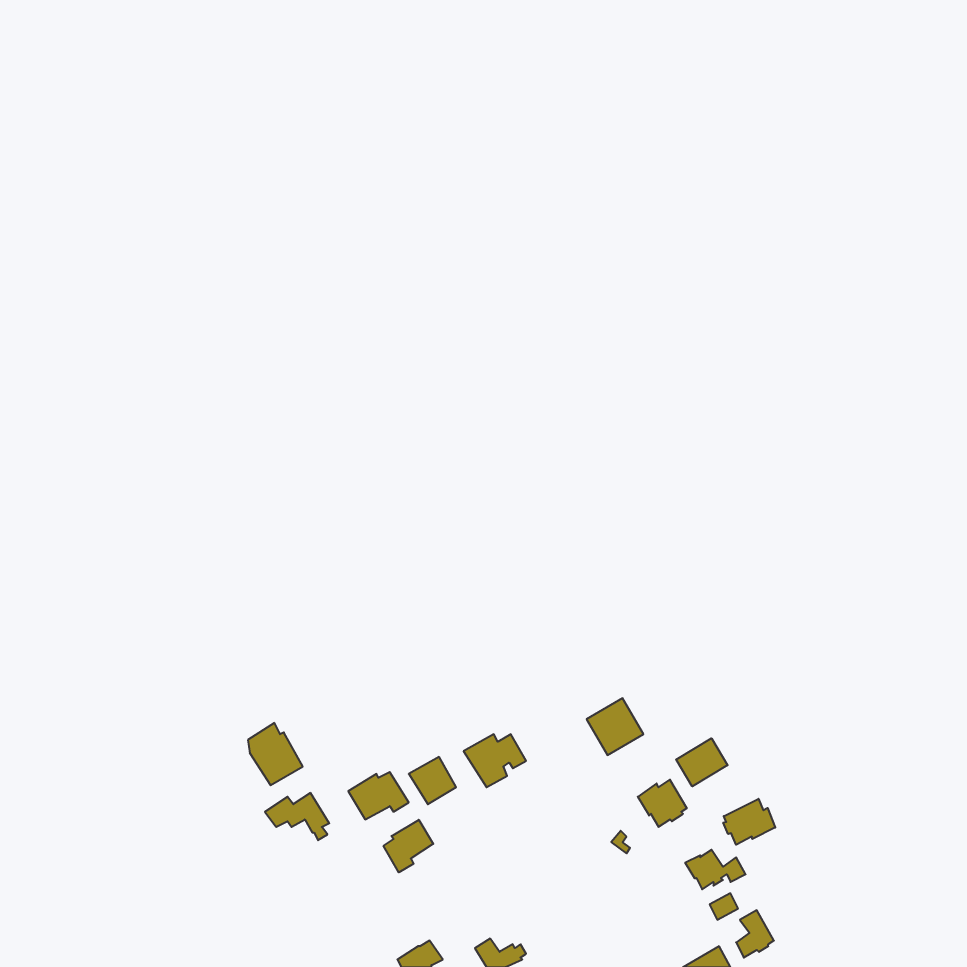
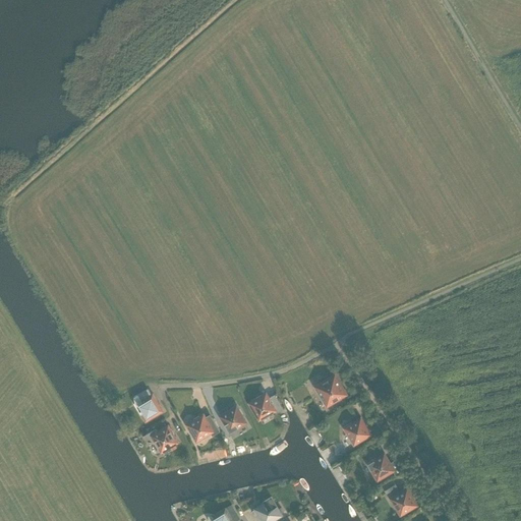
building: [676,738,728,786] -> none
building: [723,799,775,845] -> none
building: [384,820,433,872] -> none

